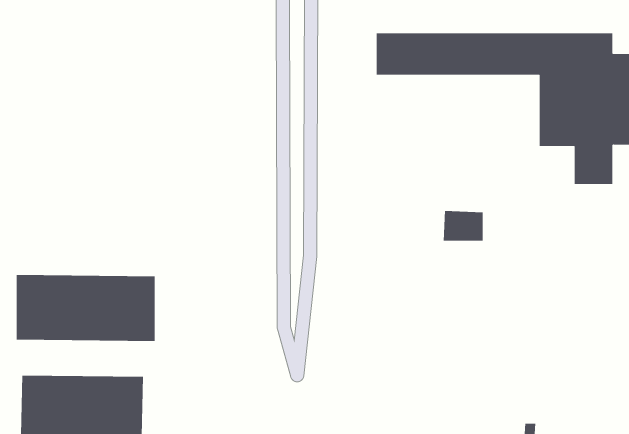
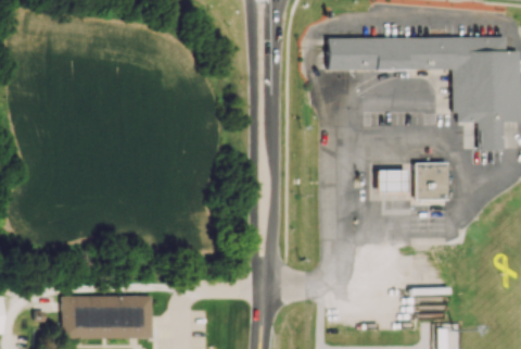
building: none -> [415,161,450,199]
building: [16,274,155,342] -> none

